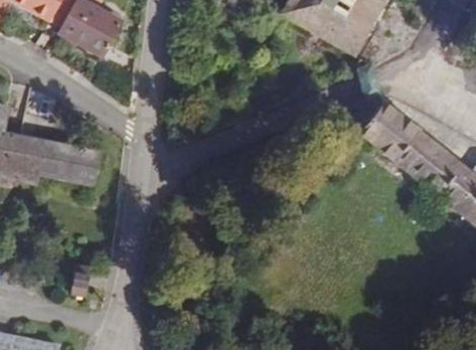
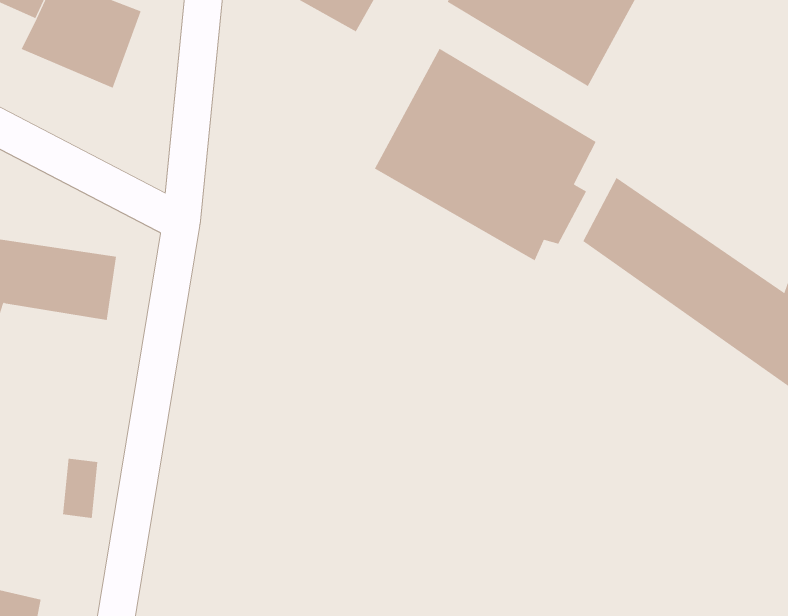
building: none -> [374,48,597,261]

